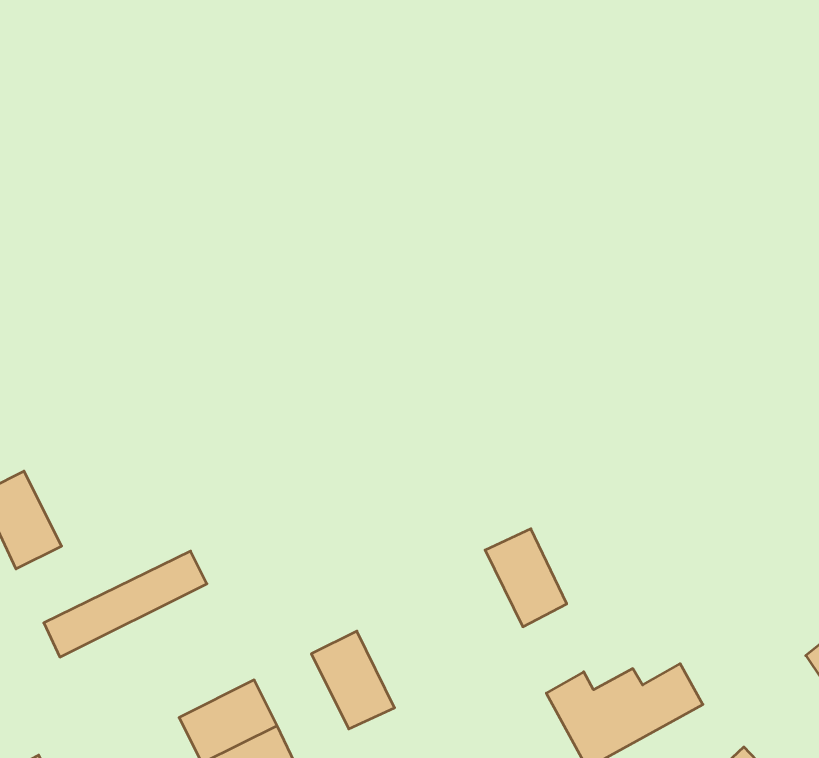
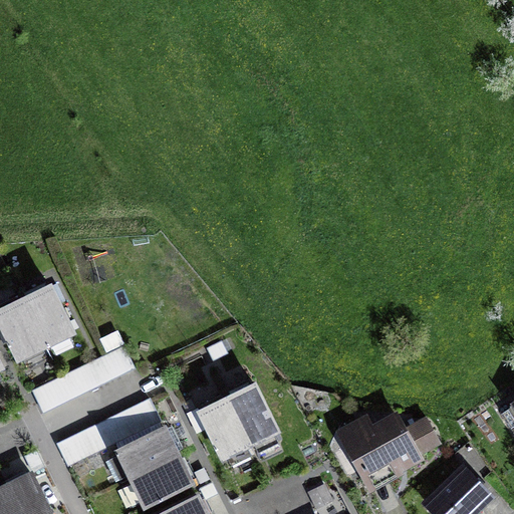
building: none -> [21,285,71,344]
building: [485,529,567,627] -> [226,383,276,444]
building: none -> [59,402,162,469]

